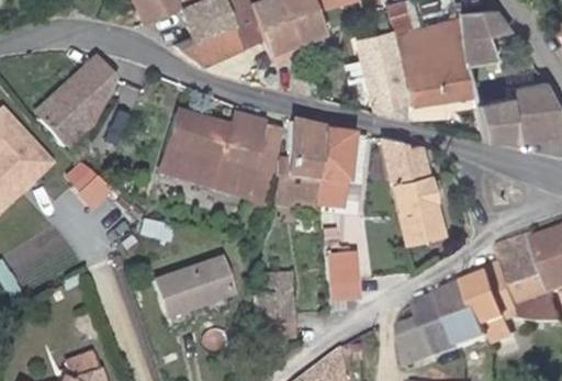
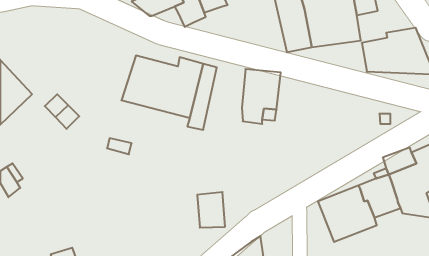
building: [35,56,116,145] -> none
building: [286,119,322,197] -> none
building: [379,135,445,242] -> none
building: [323,248,355,296] -> none
building: [156,257,233,315] -> none
building: [403,313,437,366] -> none

